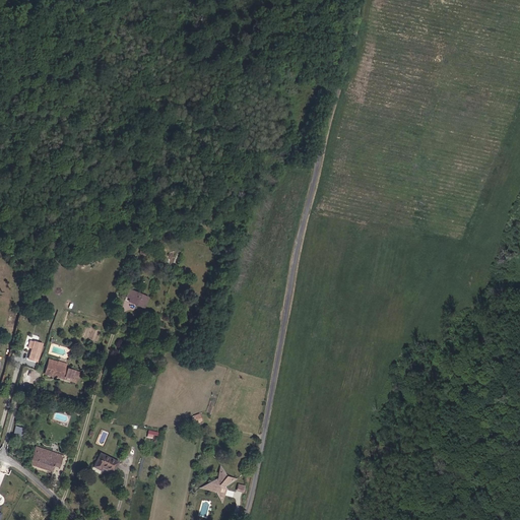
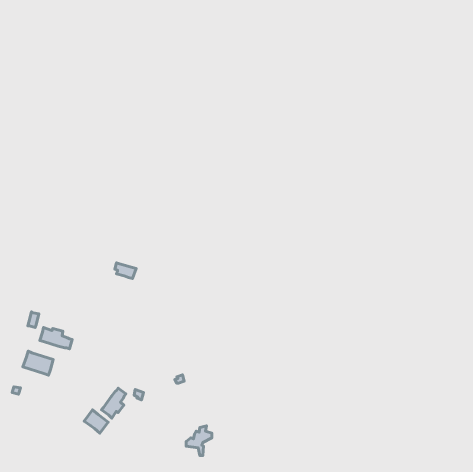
building: none -> [101,388,126,418]
building: [29,446,63,472] -> [23,351,53,375]

